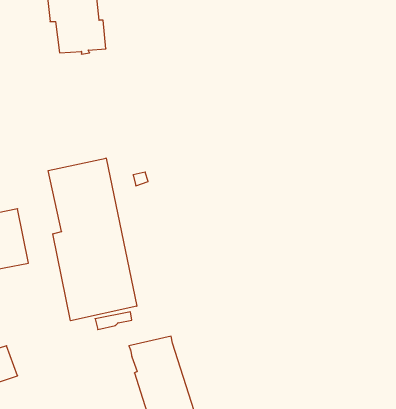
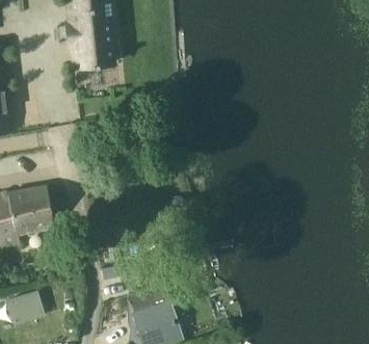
building: [48,158,137,321] -> none

